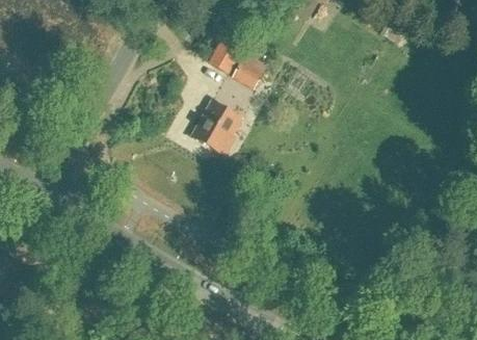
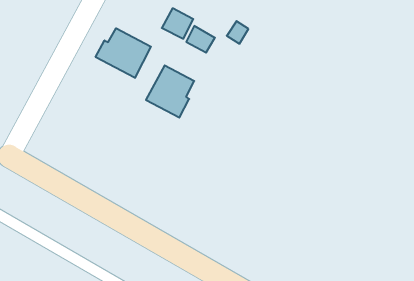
building: none -> [96,28,151,78]

